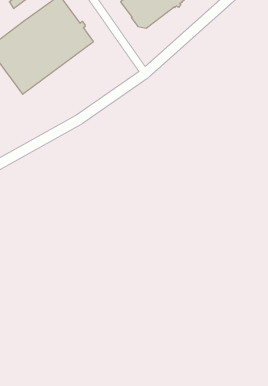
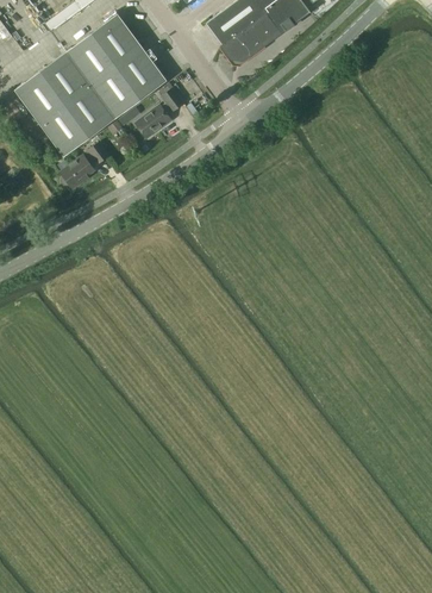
building: none -> [134,87,184,138]
building: none -> [60,142,108,188]

